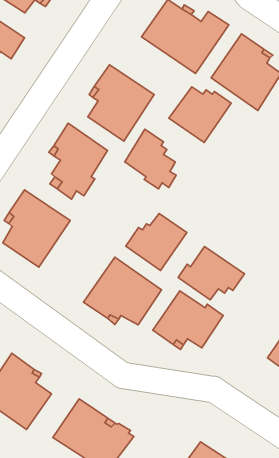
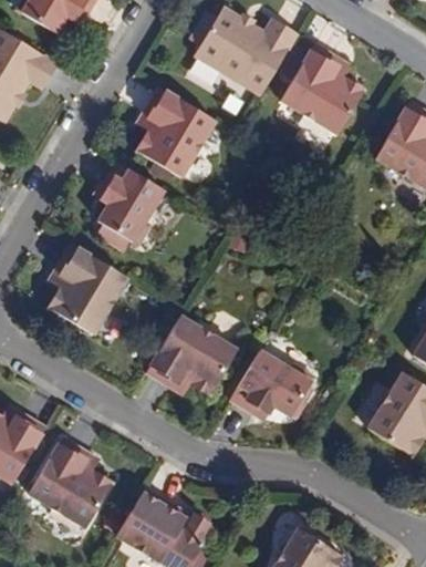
building: [169,87,231,142] -> none
building: [125,129,176,189] -> none
building: [126,213,187,270] -> none
building: [178,246,244,300] -> none

